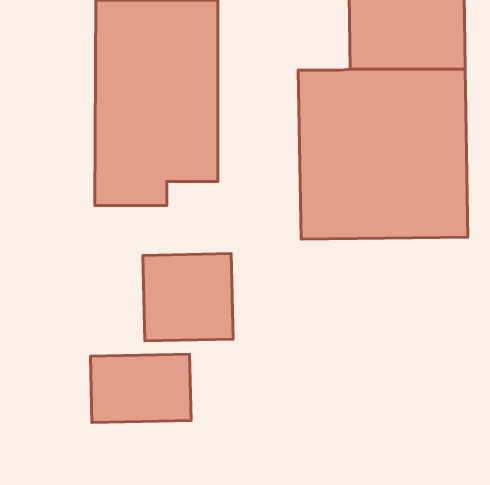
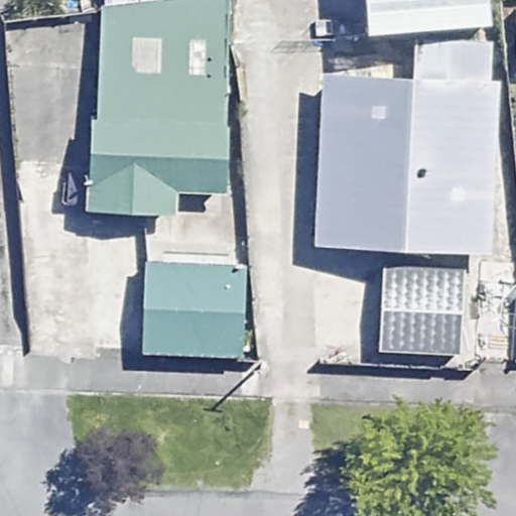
building: none -> [383,266,465,347]
building: [91,354,191,423] -> none

